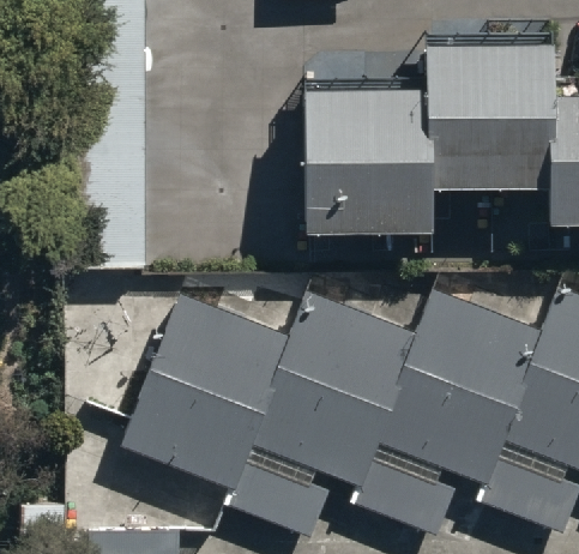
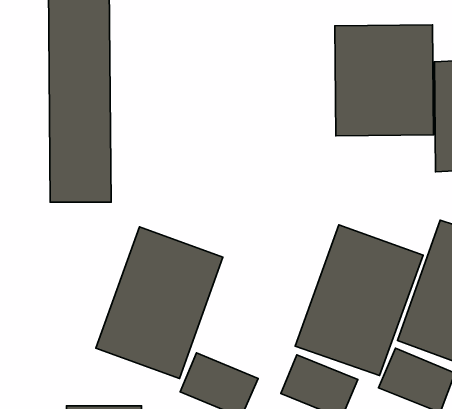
building: [303,91,428,230] -> none
building: [254,291,415,483] -> none

